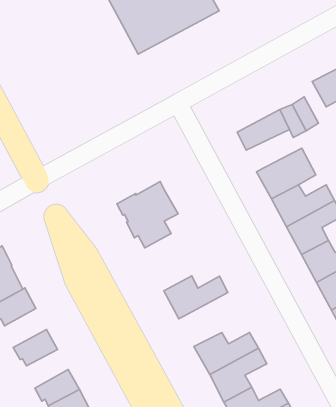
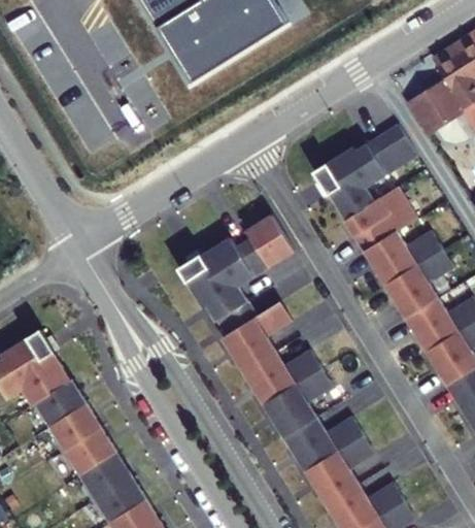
building: none -> [331,163,387,217]
building: none -> [234,214,292,275]
building: none -> [214,300,290,371]
building: none -> [262,368,331,437]
building: none -> [48,403,100,453]
building: none -> [78,452,130,501]

